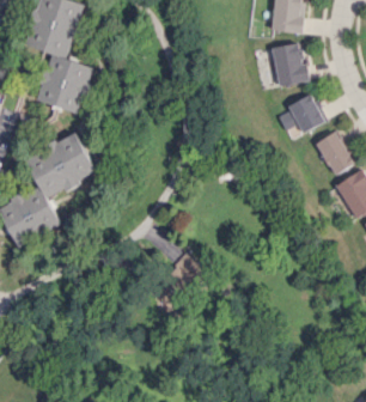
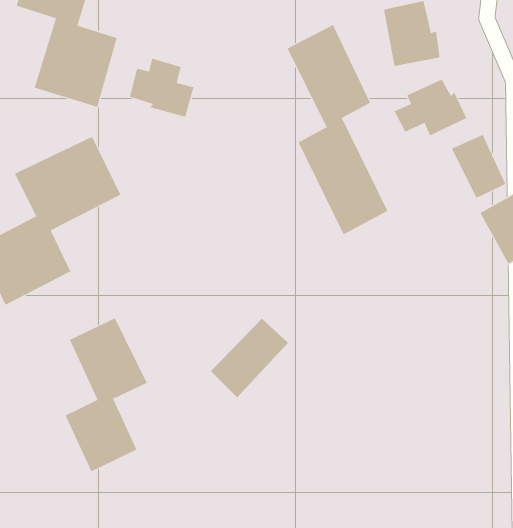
building: none -> [287,24,388,235]
building: none -> [130,58,194,117]
building: none -> [65,317,148,472]

